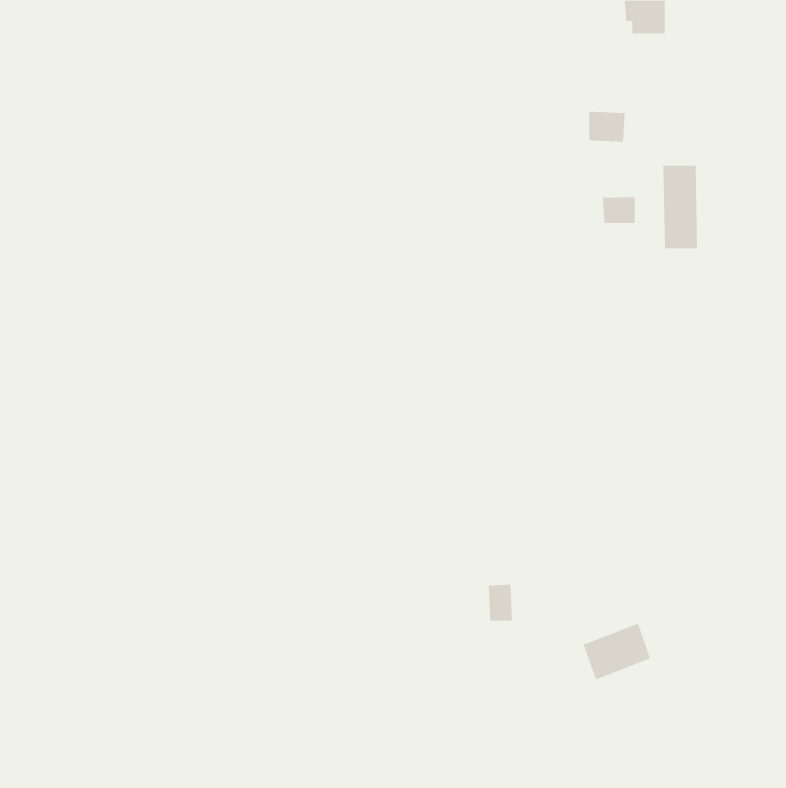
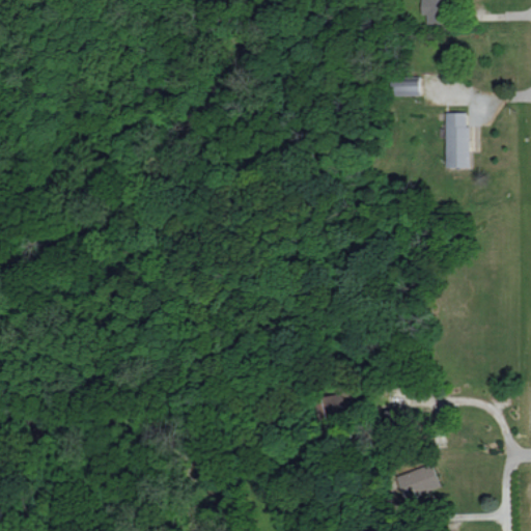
building: [603,197,635,224] -> none
building: [583,623,651,680] -> [395,463,441,501]

